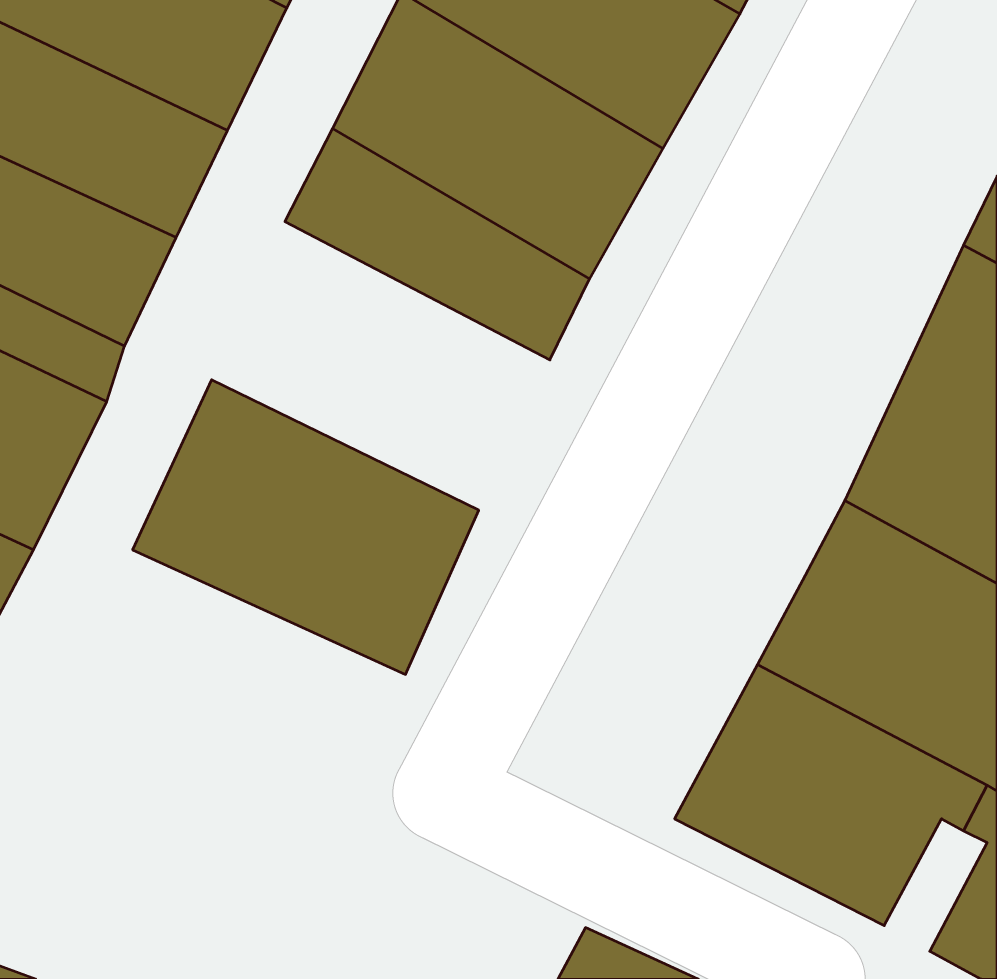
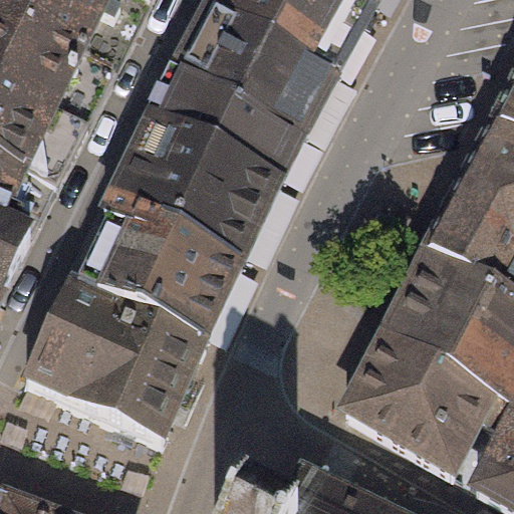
building: none -> [107,112,279,259]
building: none -> [20,279,206,442]

